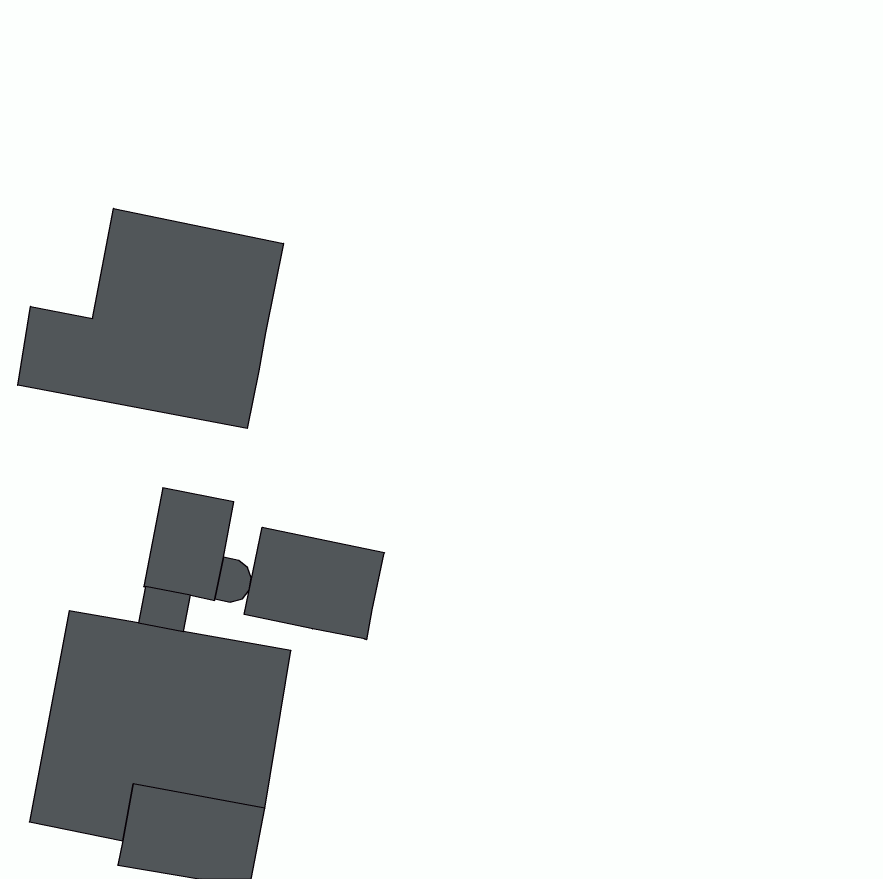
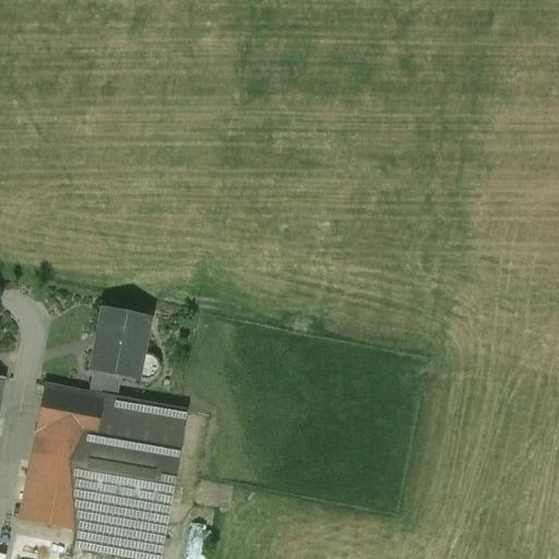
building: [18,208,283,428] -> none
building: [244,527,384,640] -> none

